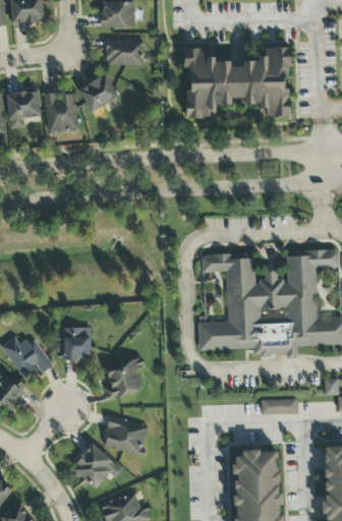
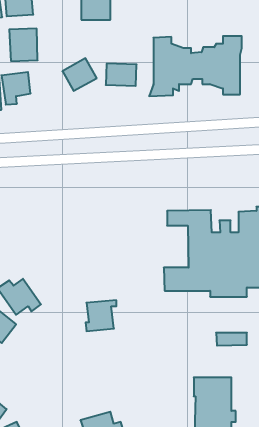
building: [106,39,142,65] -> [106,64,137,86]
building: [44,93,77,131] -> [9,29,38,61]
building: [64,327,91,358] -> none
building: [103,415,150,456] -> none
building: [72,444,120,488] -> none

